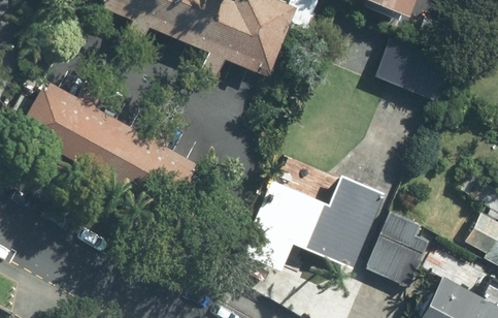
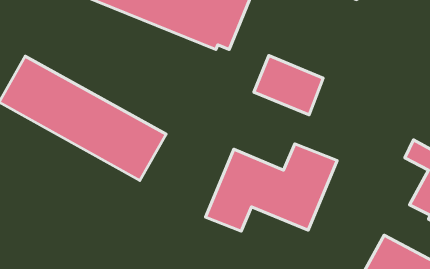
building: [376,36,453,101] -> [254,56,323,115]
building: [369,210,433,286] -> none

